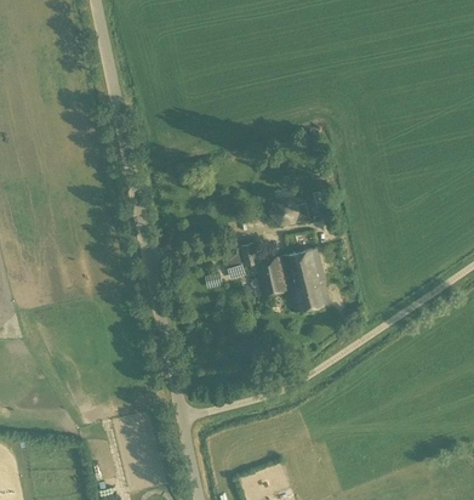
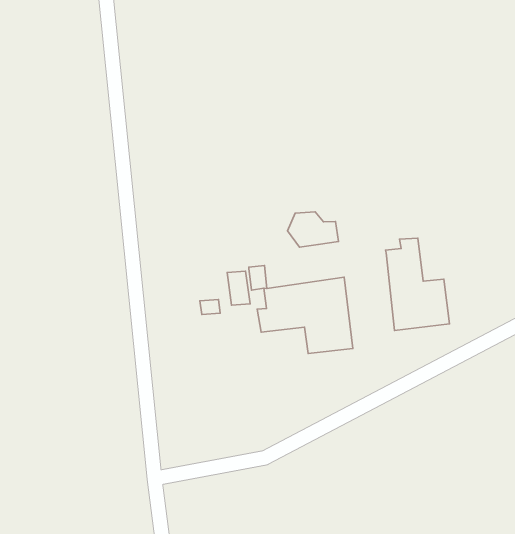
building: none -> [385,238,450,331]

